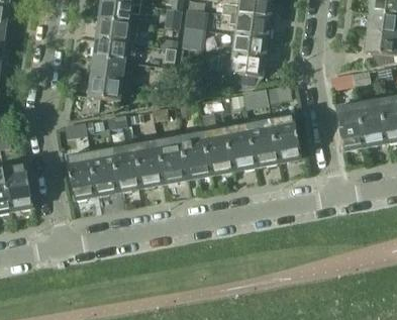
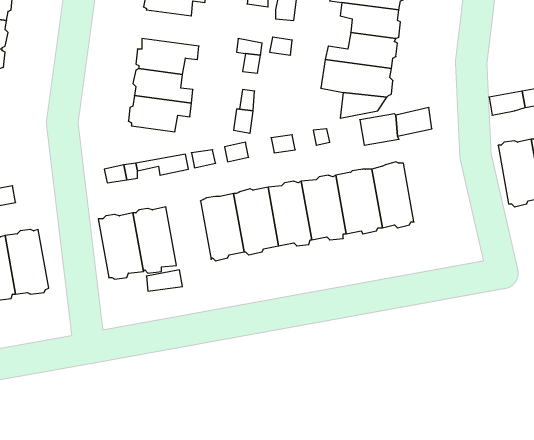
building: [96,17,135,41] -> none
building: [272,115,301,159] -> none
building: [112,145,142,190] -> none

